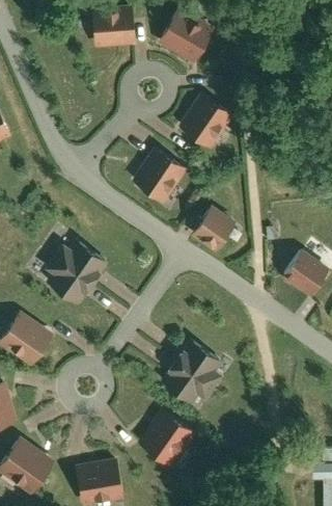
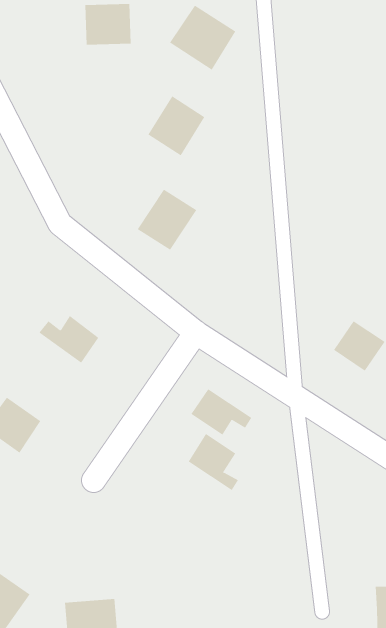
building: [183,96,227,142] -> [148,96,205,156]
building: [193,208,233,249] -> none
building: [52,263,92,308] -> none
building: [161,363,209,399] -> [190,388,252,435]
building: [139,416,192,470] -> none

